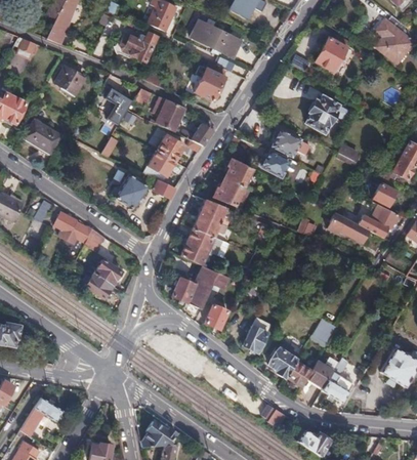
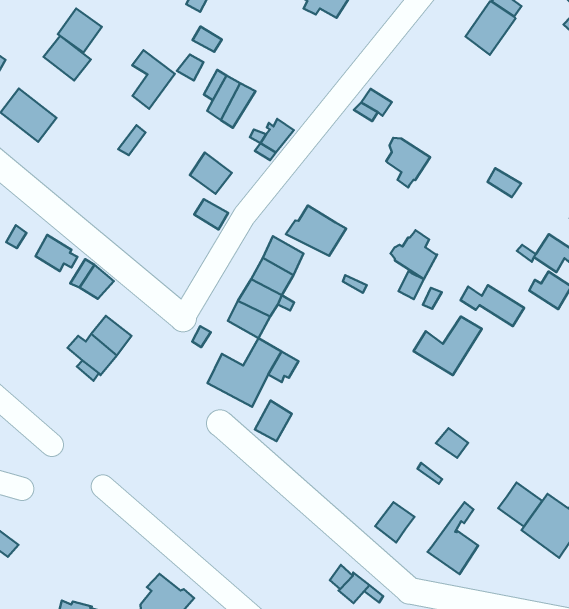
building: [195,61,226,101] -> none
building: none -> [44,36,91,81]
building: [305,95,342,133] -> none
building: [157,135,184,162] -> none
building: [259,147,289,177] -> [391,230,437,279]
building: [225,160,252,187] -> none
building: [114,175,148,210] -> none
building: none -> [413,316,482,375]
building: [243,318,276,353] -> none
building: [269,342,303,378] -> none
building: [306,361,334,388] -> [498,482,542,527]

